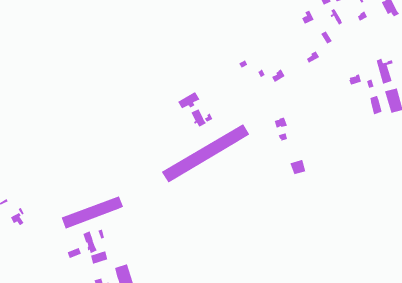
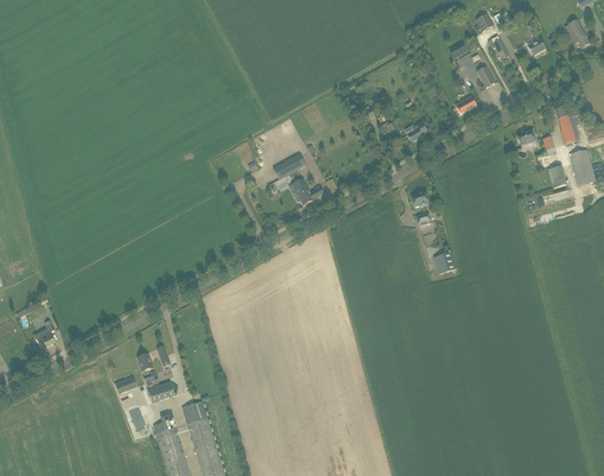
building: [161,123,250,184] -> none
building: [61,195,124,230] -> none

